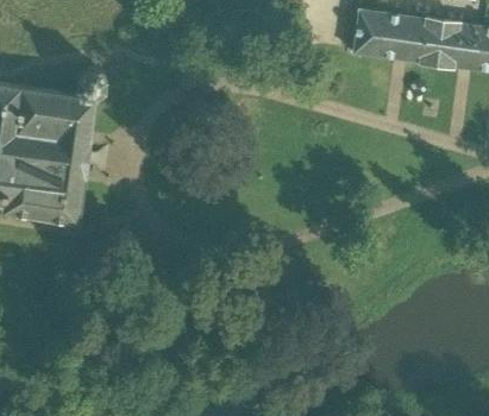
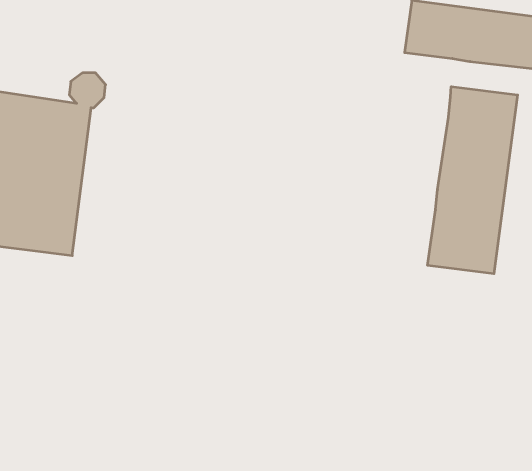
building: none -> [428,87,518,274]

